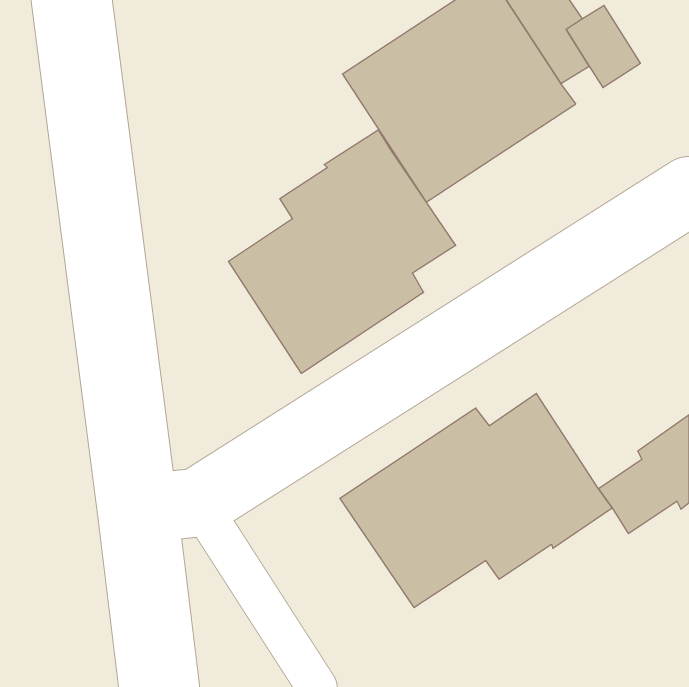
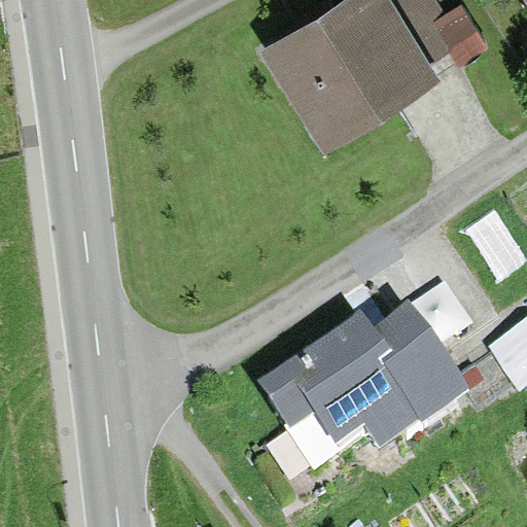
building: [229,130,456,373] -> none

